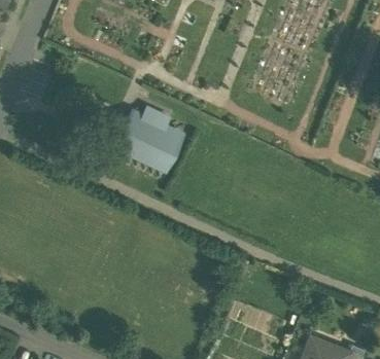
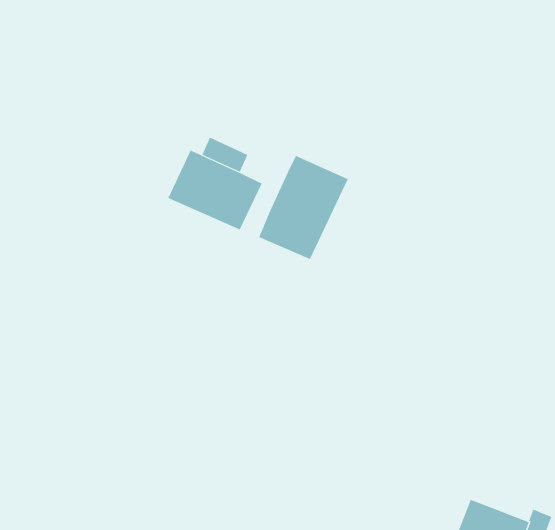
building: none -> [259,155,348,260]

